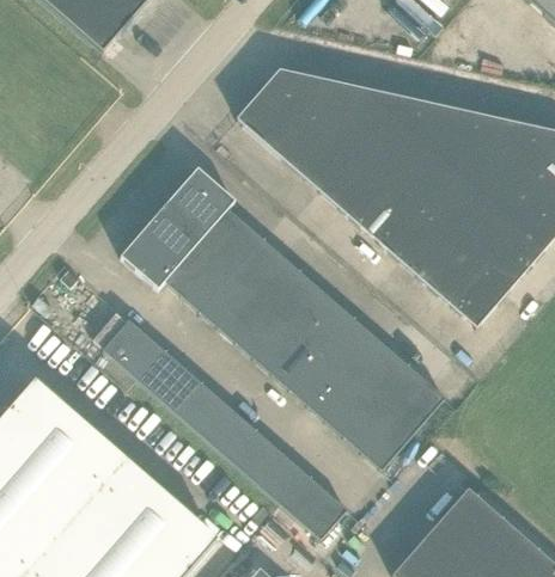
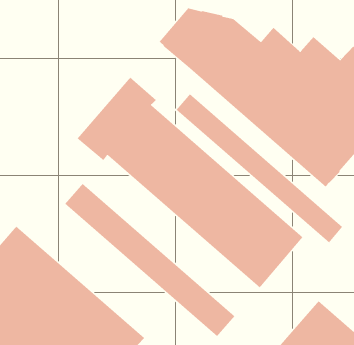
building: none -> [176,93,343,243]

